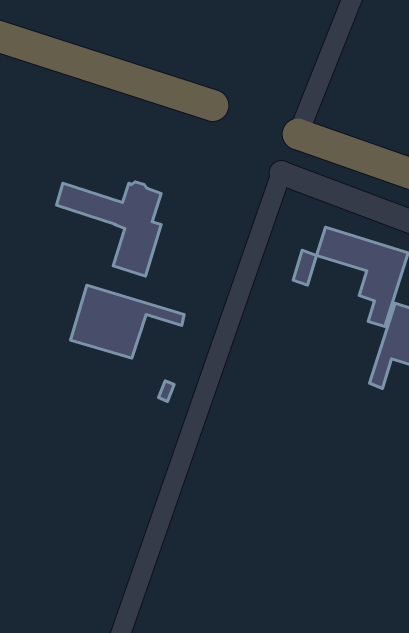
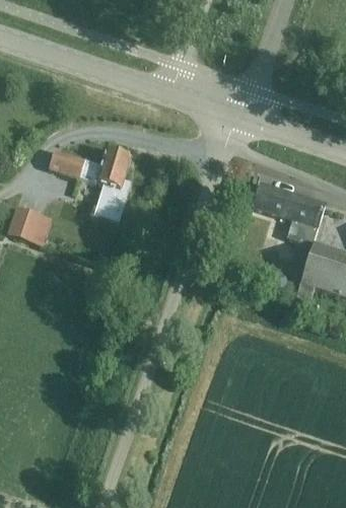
building: none -> [9,206,41,239]
building: [70,285,184,358] -> none

